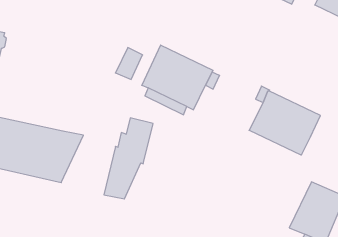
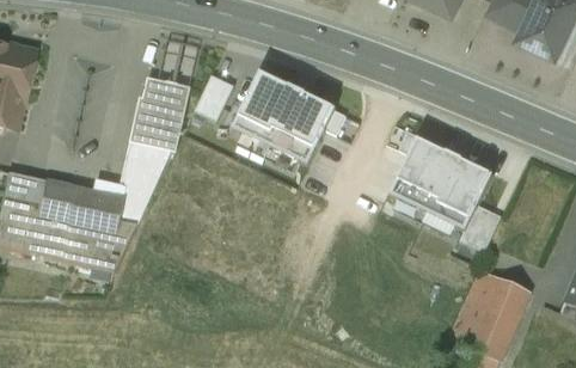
building: [104,118,153,199] -> [118,82,190,201]
building: none -> [460,203,502,251]

